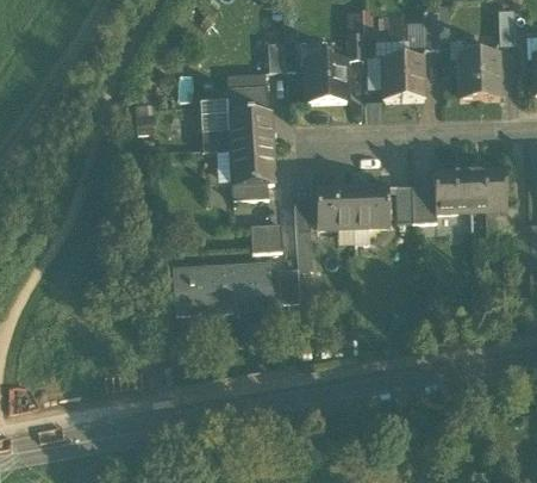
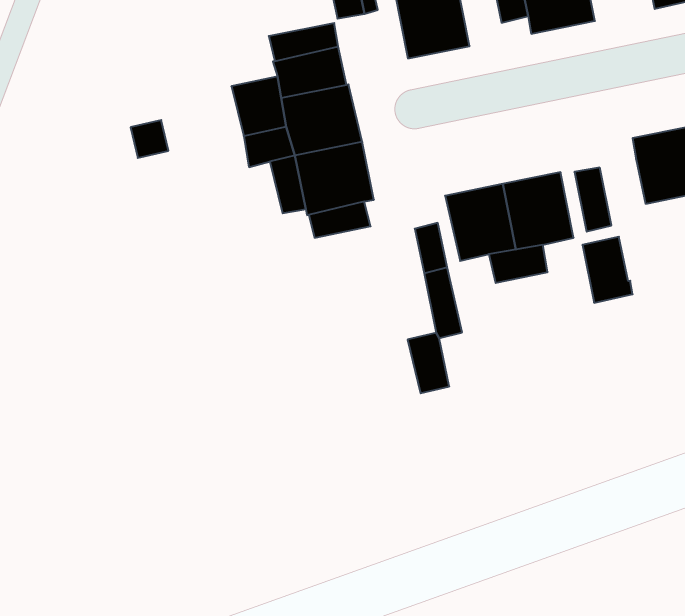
building: [412,185,437,222] -> [582,237,633,303]
building: [251,224,282,253] -> none
building: [175,266,273,314] -> none

